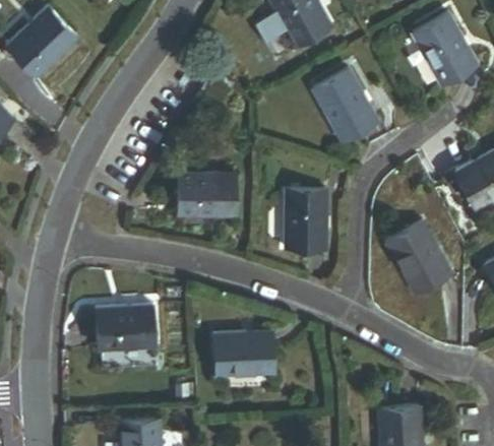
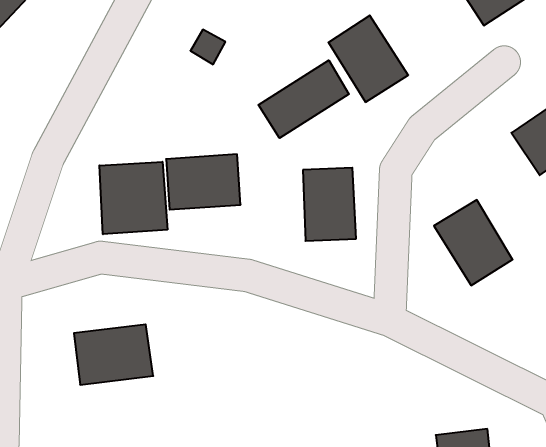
building: none -> [258,60,349,138]
building: none -> [99,162,167,234]
building: [214,331,273,375] -> none

